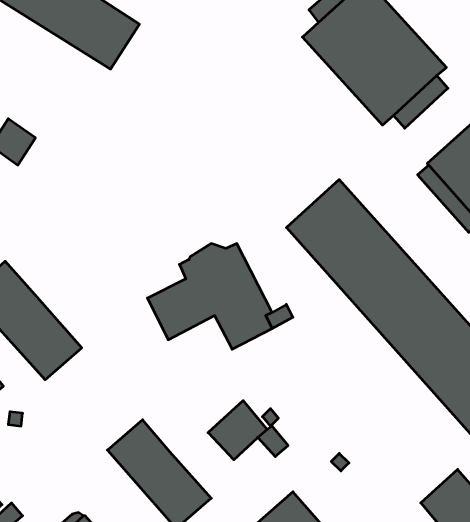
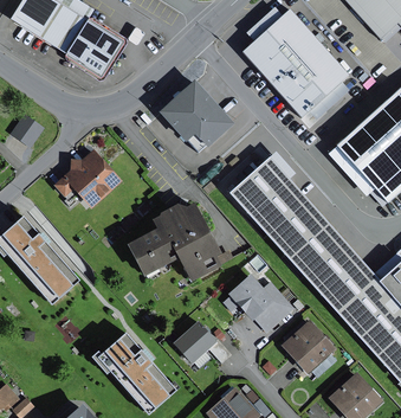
building: none -> [160,81,232,154]
building: none -> [54,148,123,208]
building: none -> [228,274,296,332]
building: none -> [282,320,335,372]

